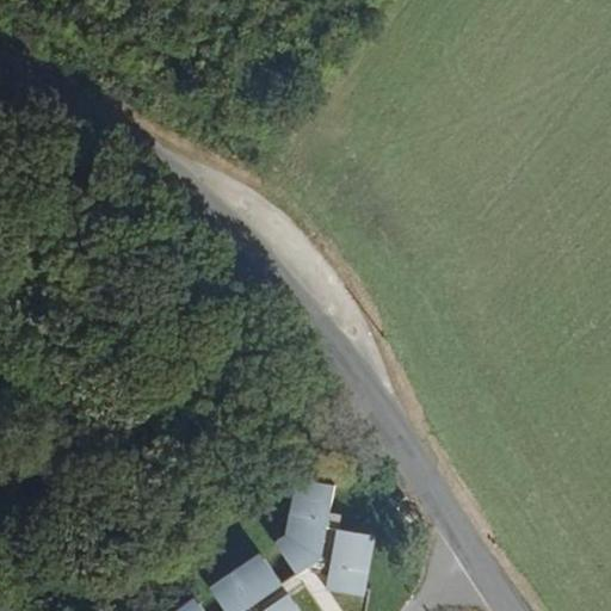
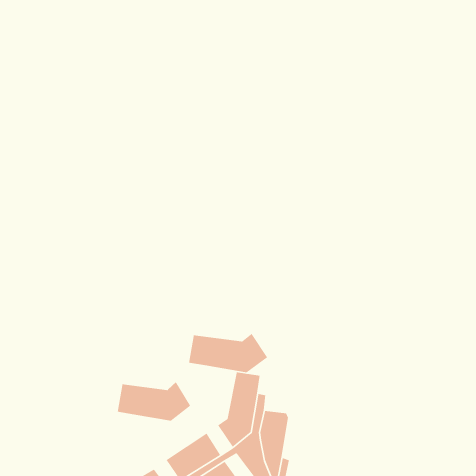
building: none -> [188,333,268,373]
building: none -> [117,381,191,421]

